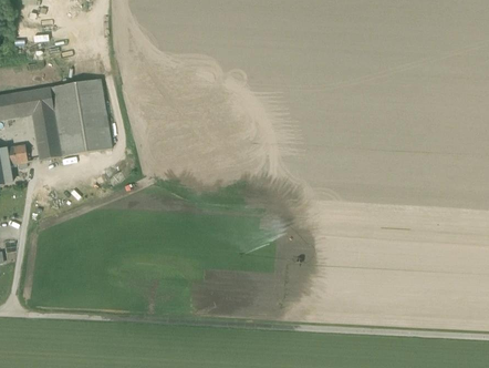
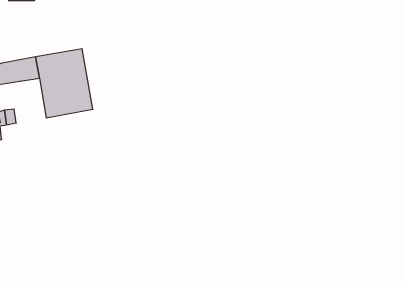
building: [30,111,60,161] -> none

